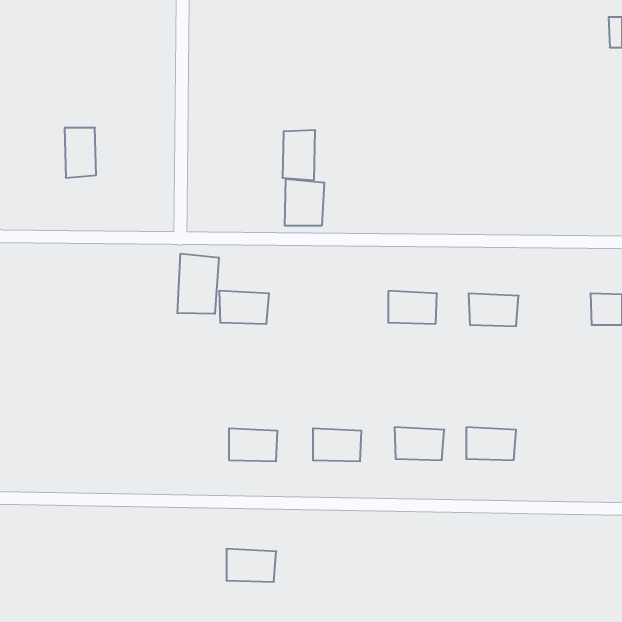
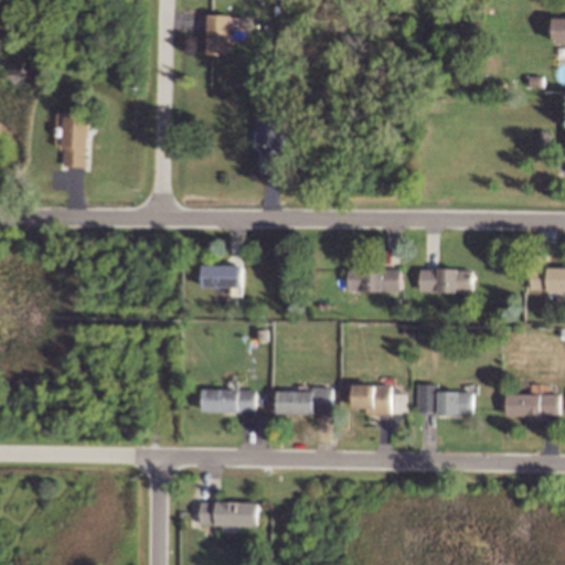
building: none -> [203,14,233,60]
building: [285,179,324,226] -> none
building: [177,254,219,314] -> none
building: none -> [512,392,557,422]

